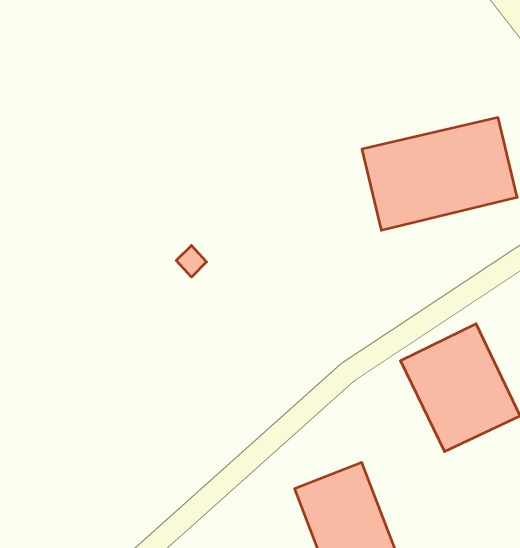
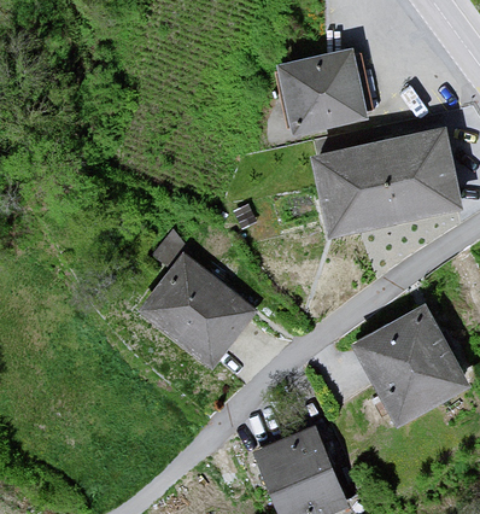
building: none -> [286,53,364,124]
building: none -> [145,256,256,366]

